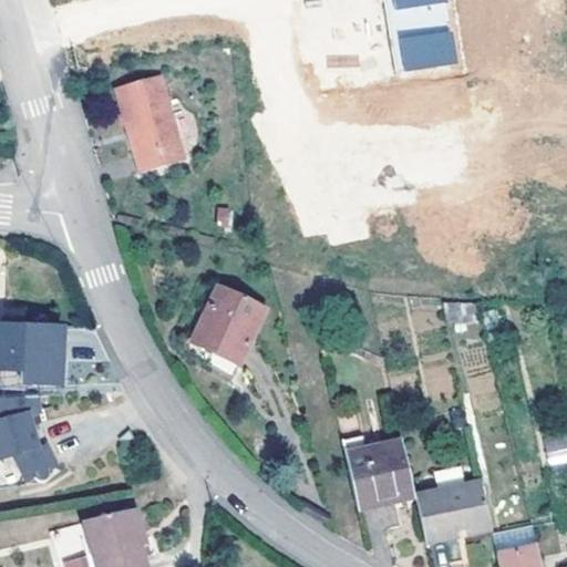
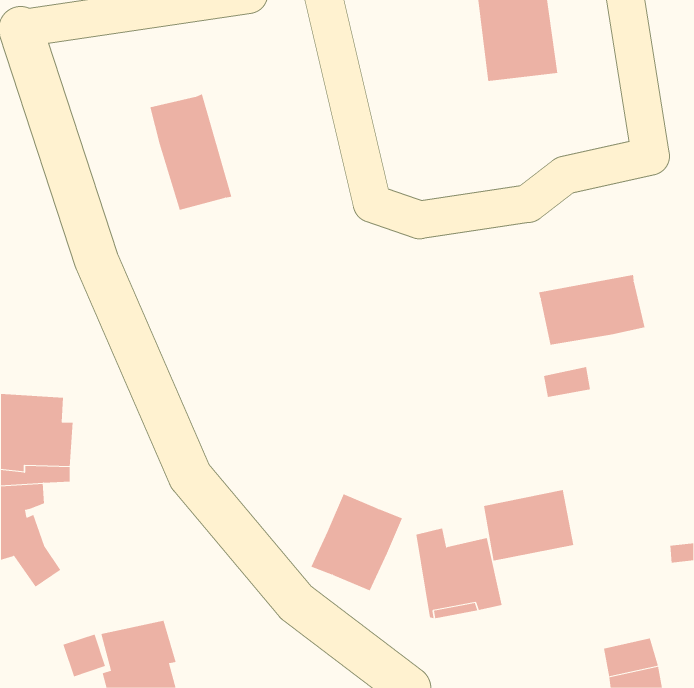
building: none -> [538,274,645,346]
building: [200,287,276,367] -> [311,494,403,591]
building: [410,481,484,539] -> [483,489,574,561]

